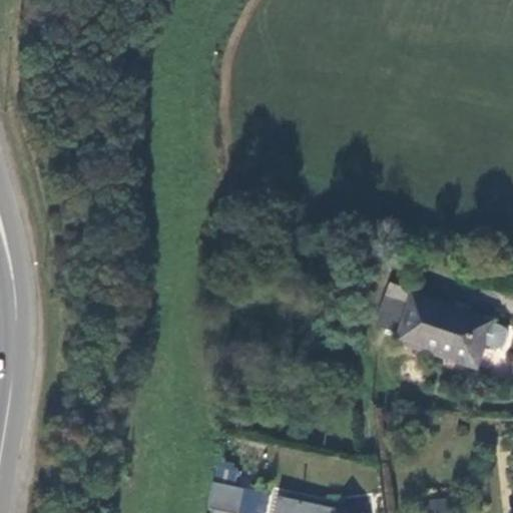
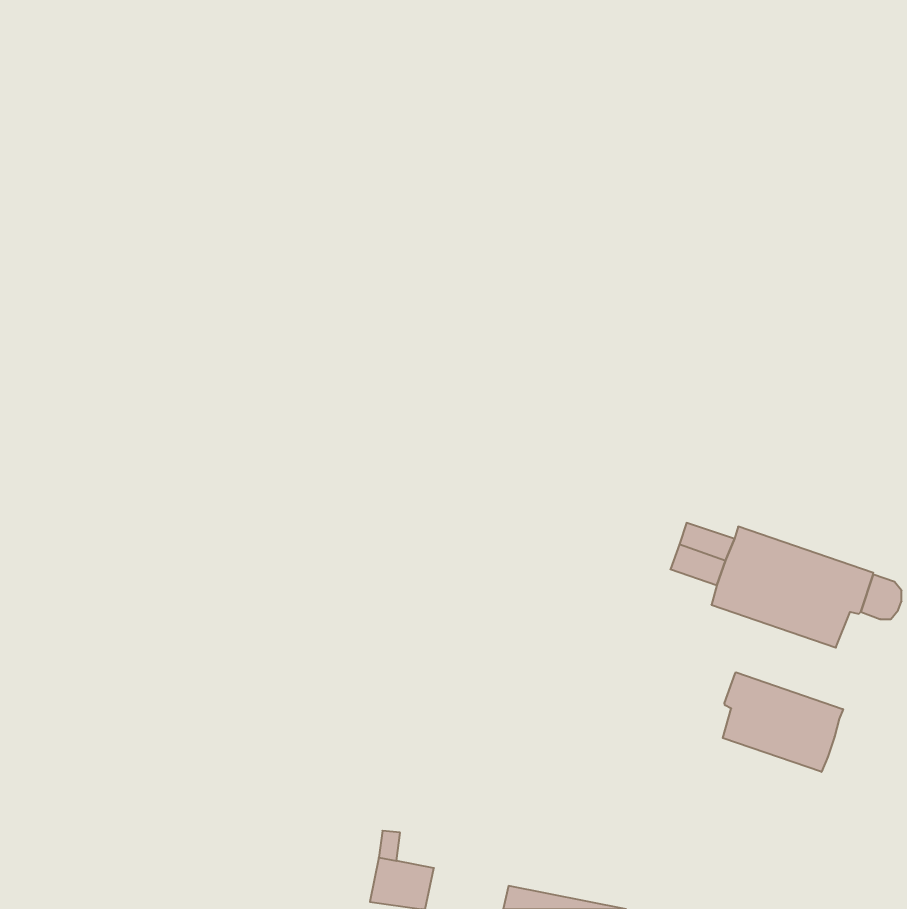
building: none -> [723,672,843,772]

